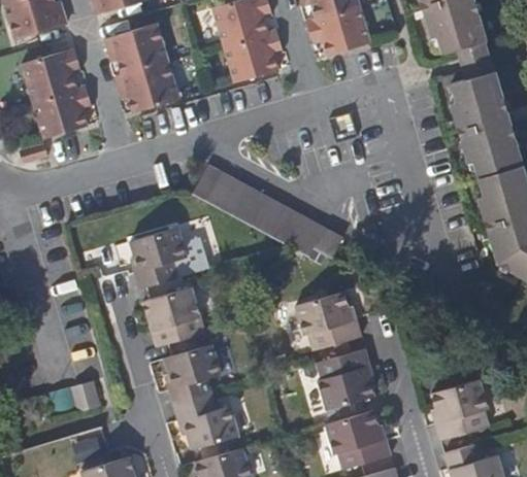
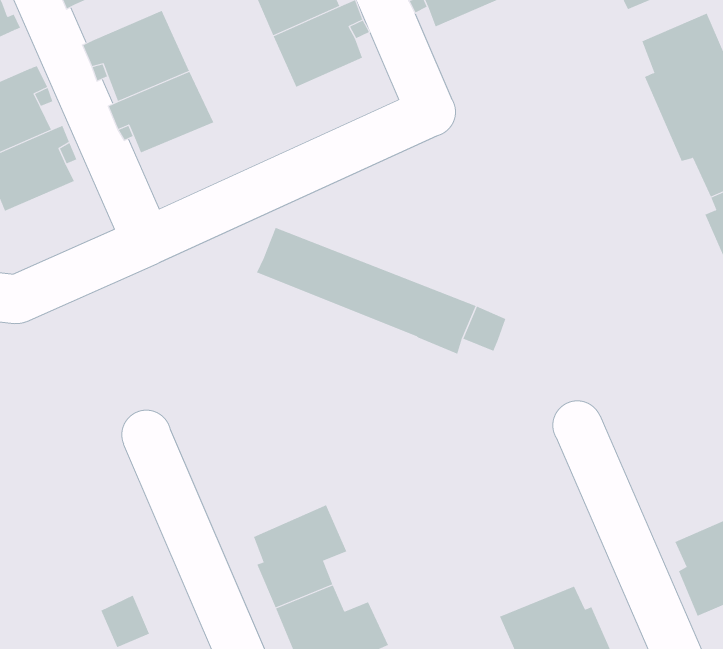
building: [117,224,199,293] -> none
building: [139,286,201,348] -> none
building: [298,293,359,350] -> none
building: [315,350,375,410] -> none

